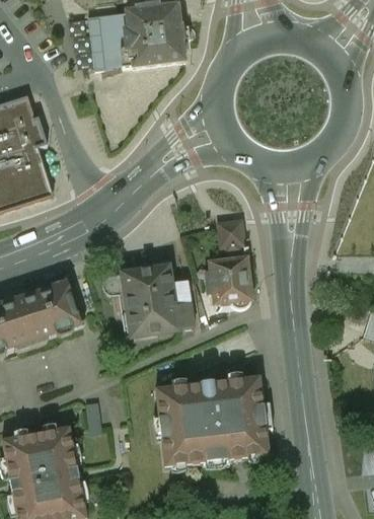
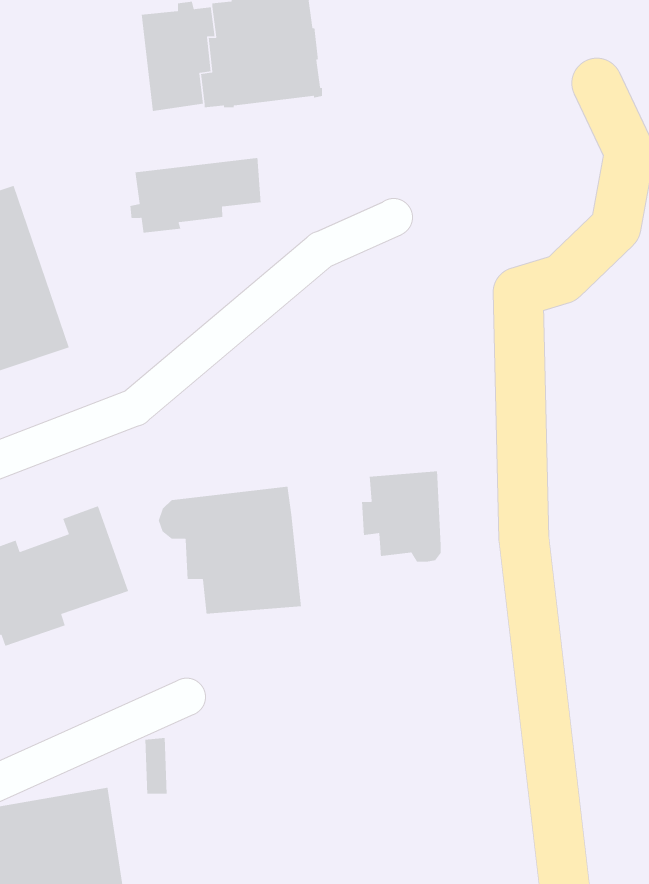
building: none -> [129,157,262,234]
building: [217,217,245,250] -> none
building: [169,280,193,329] -> none
building: [154,376,269,464] -> none

